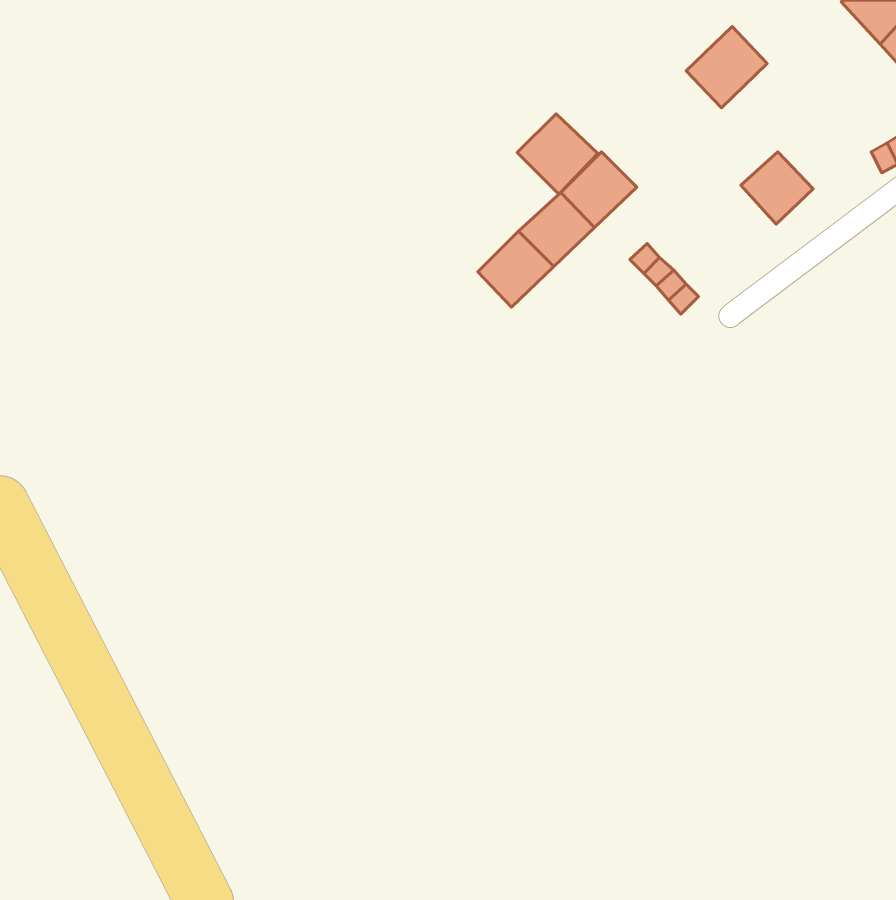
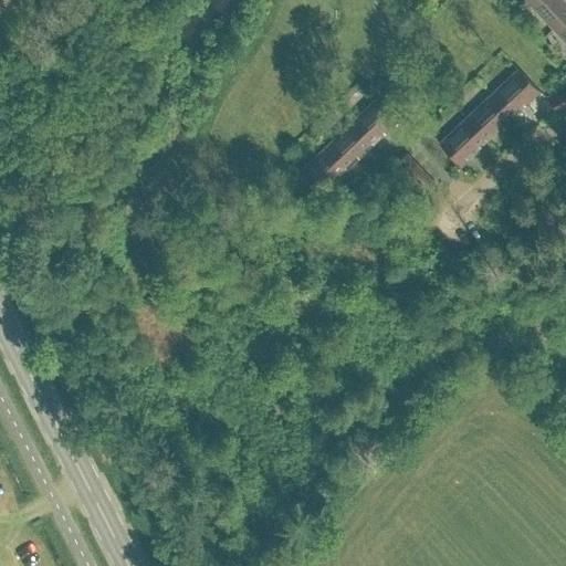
building: [686,27,767,108] -> [491,69,542,119]
building: [517,114,598,194] -> none
building: none -> [441,117,490,166]

